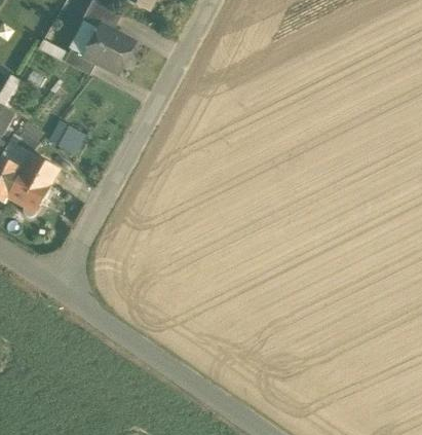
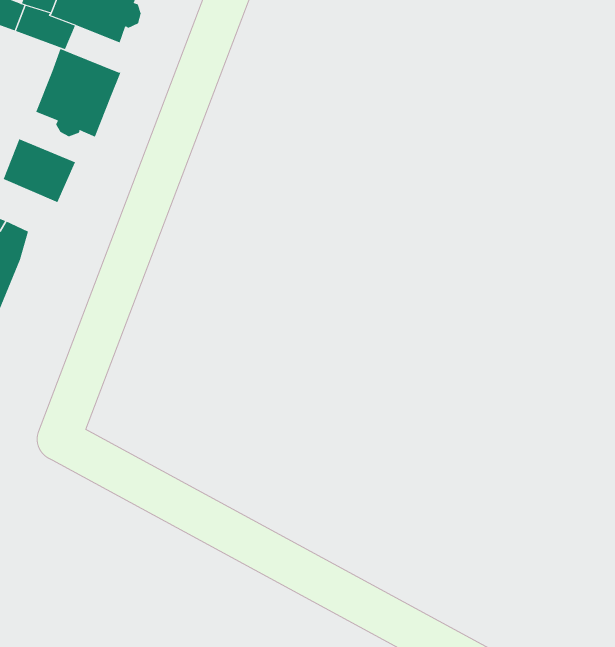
building: none -> [35,48,121,137]

